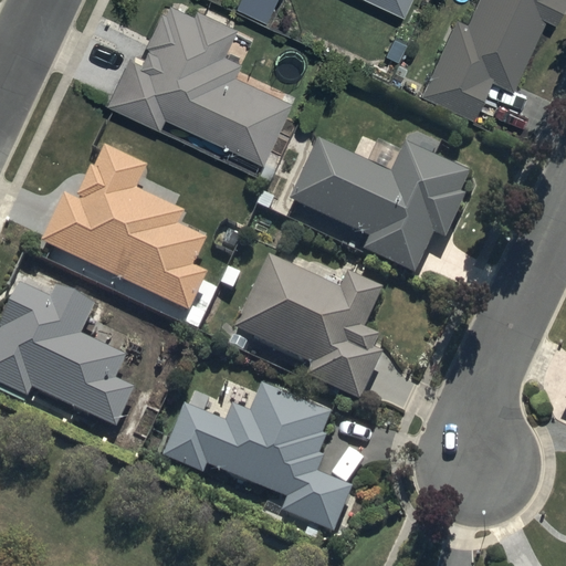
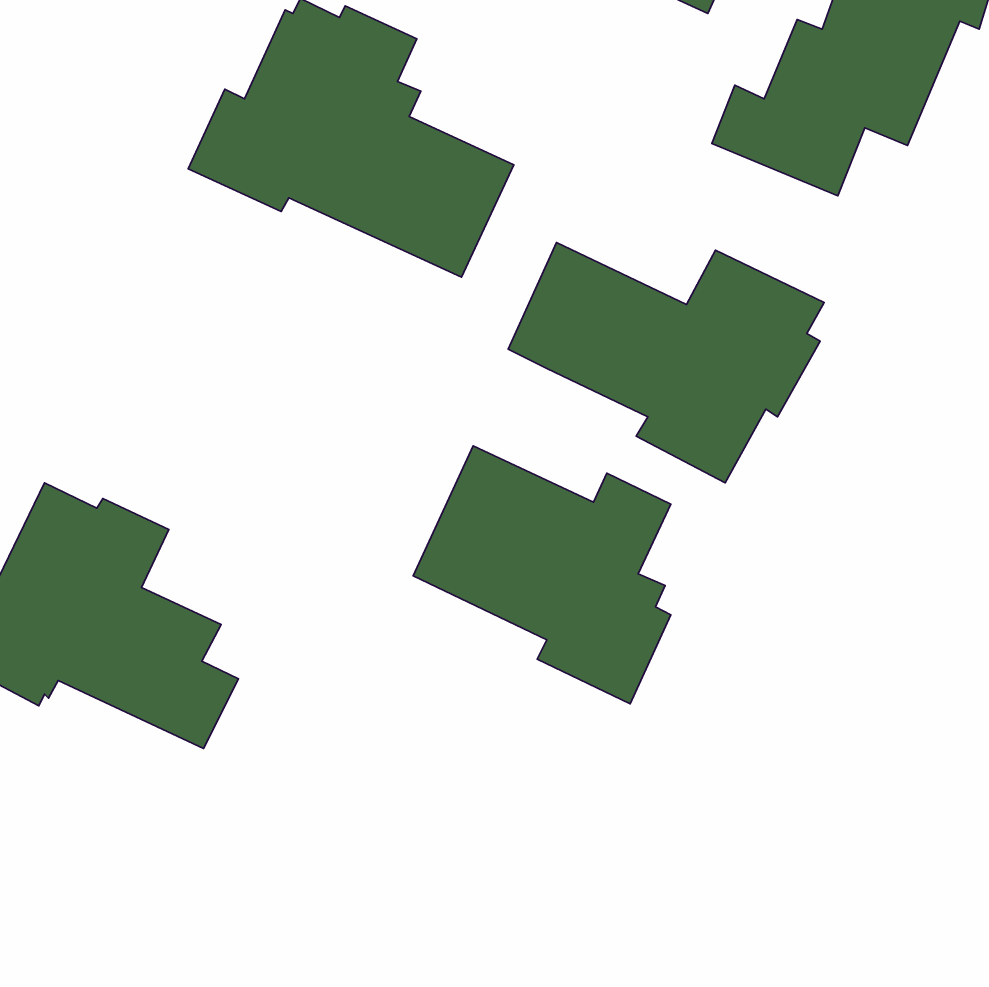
building: [42,145,209,314] -> none
building: [163,384,353,538] -> none

